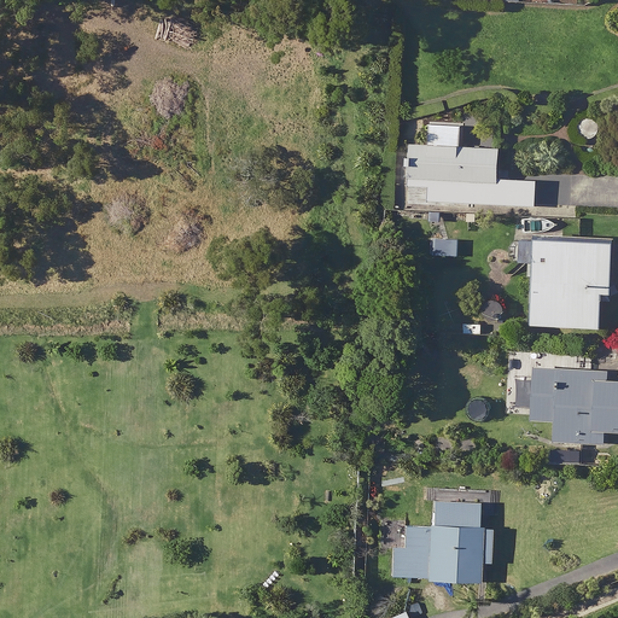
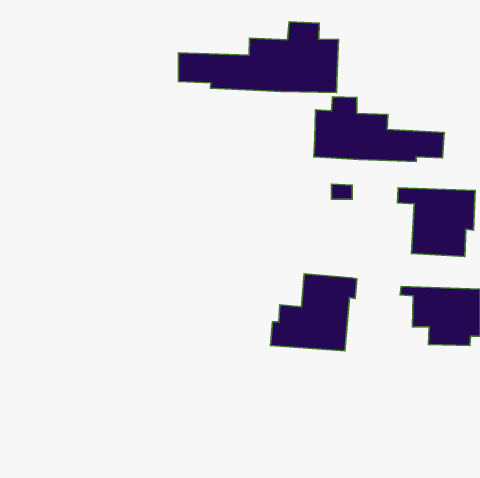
building: none -> [178,22,339,93]
building: [386,483,497,582] -> [271,274,357,351]

